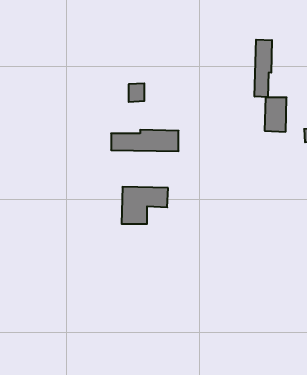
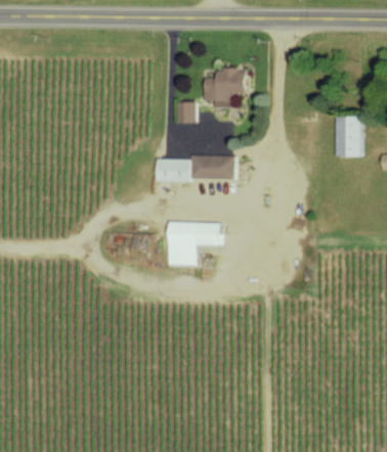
building: [255,40,272,97] -> none
building: none -> [203,69,246,107]

